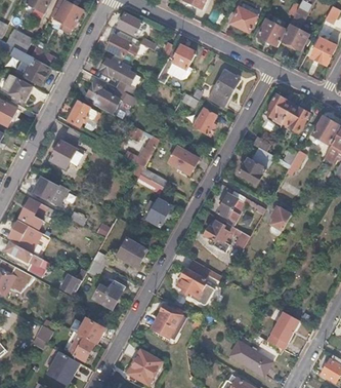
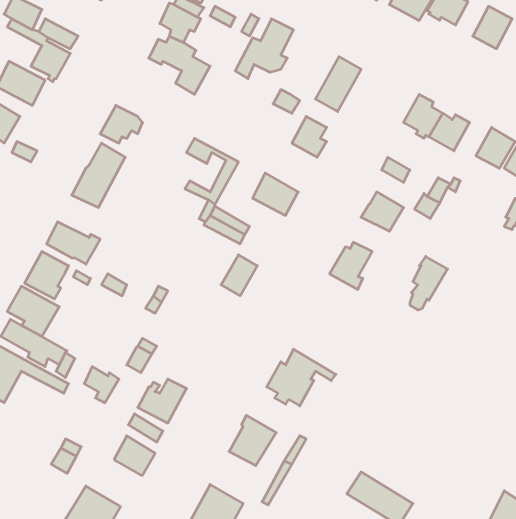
building: [87,83,135,114] -> none
building: [205,222,250,250] -> none
building: [117,238,146,267] -> none
building: [267,310,302,349] -> none
building: [68,334,95,361] -> none

